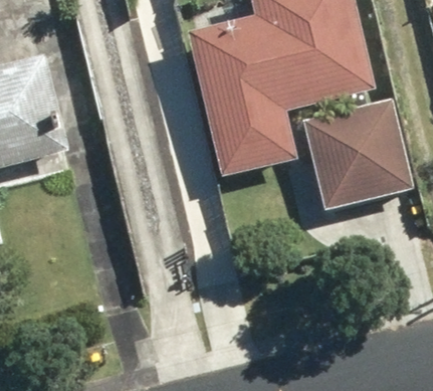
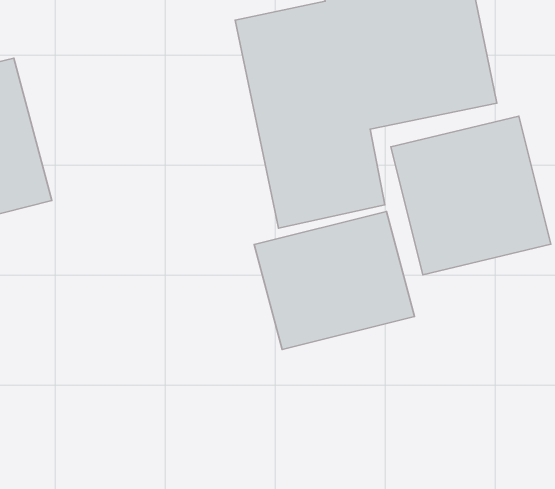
building: none -> [254,211,414,349]

